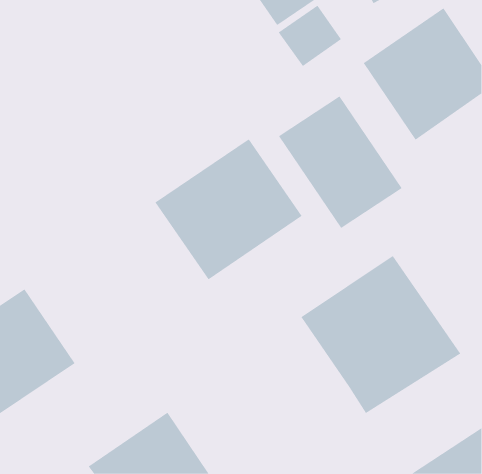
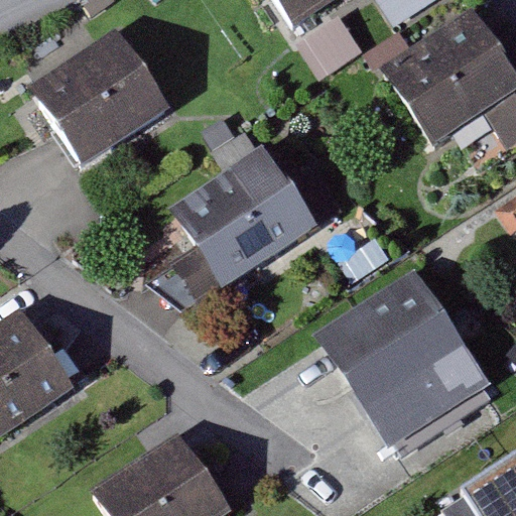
building: none -> [29,28,172,167]
building: [278,95,403,229] -> none

